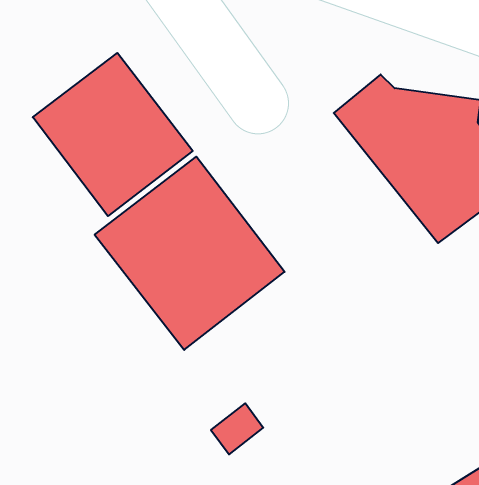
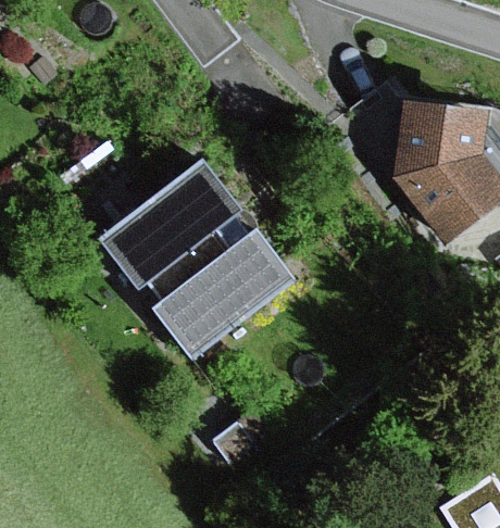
building: [33,53,193,216] -> none

